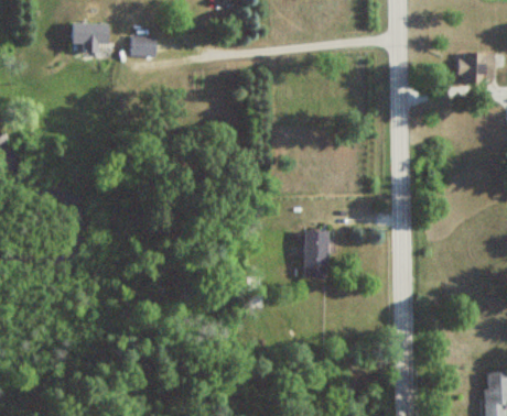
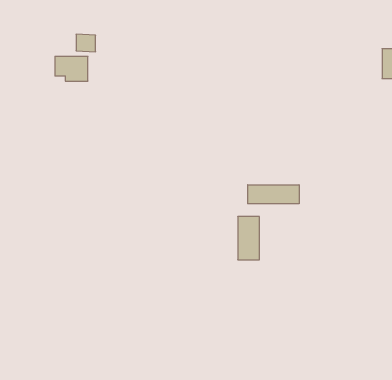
building: [72,23,107,50] -> [55,56,88,81]
building: none -> [248,185,299,204]

